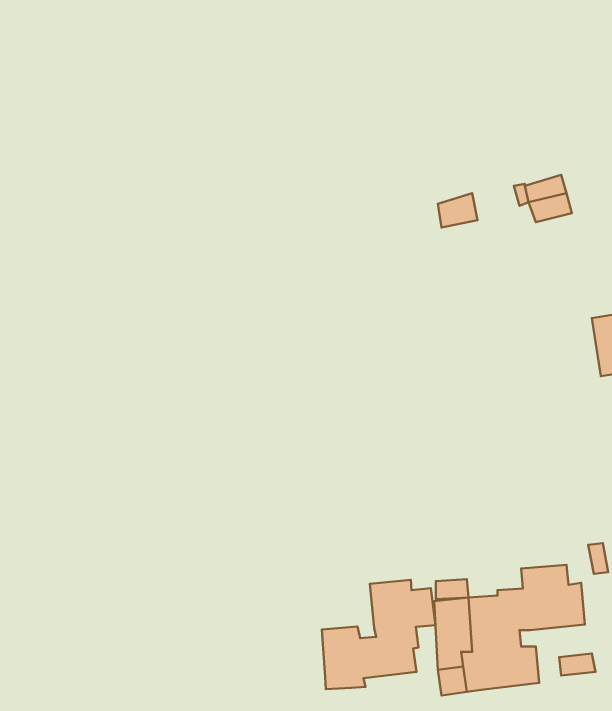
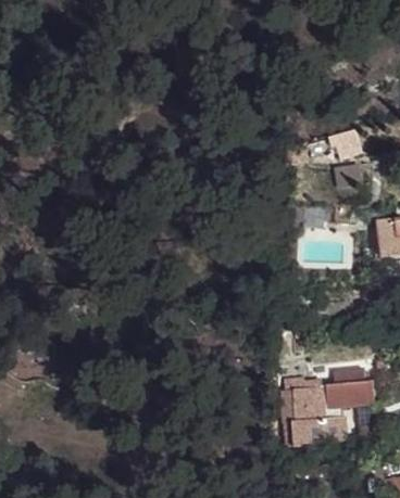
building: [322,580,435,689] -> none

